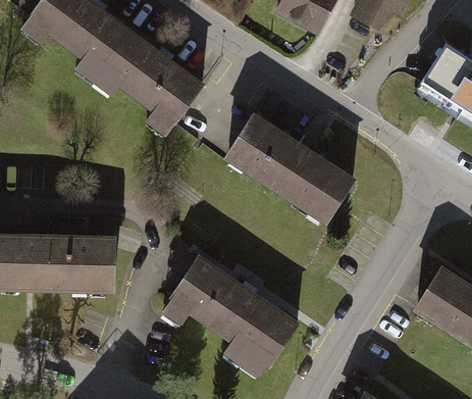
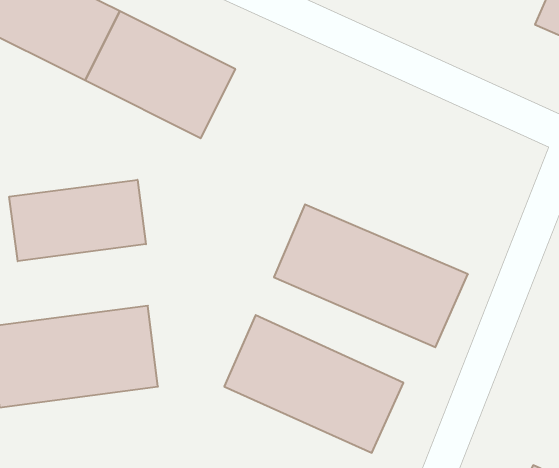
building: [224,113,359,227] -> [274,204,468,347]
building: none -> [9,180,146,261]

